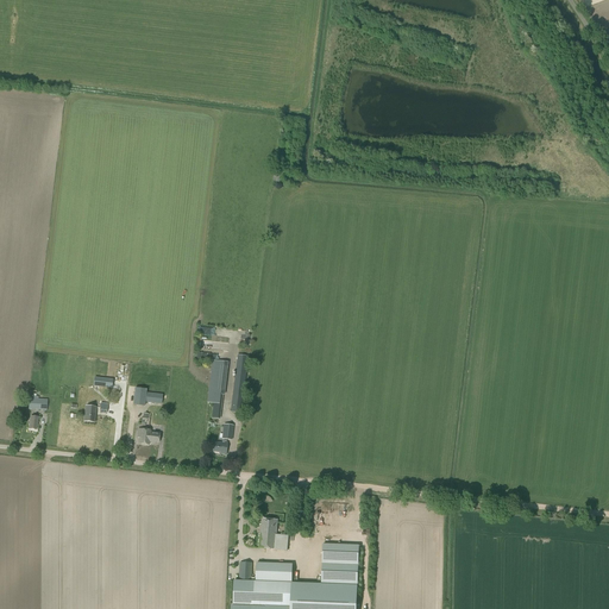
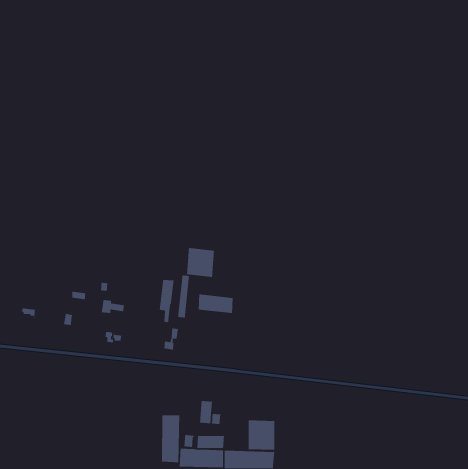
building: none -> [186,247,215,278]
building: none -> [198,294,234,314]
building: none -> [161,415,180,463]

